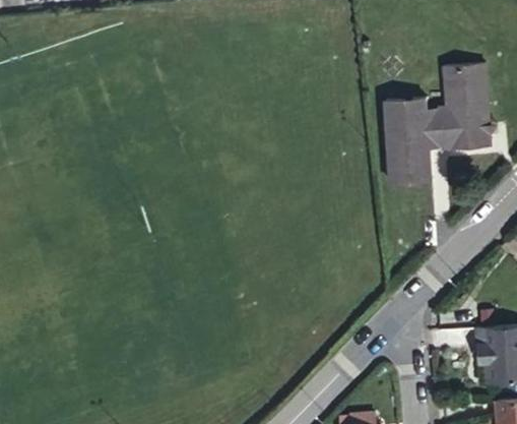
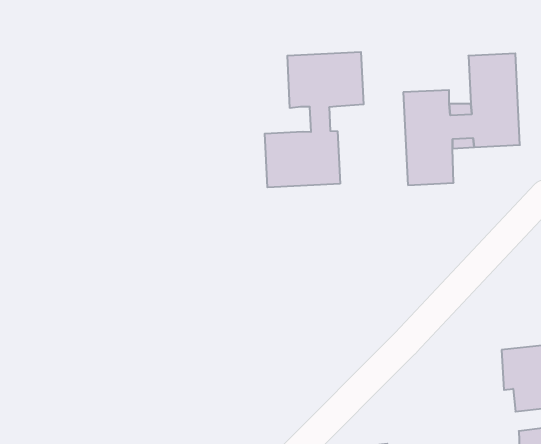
building: none -> [265,52,364,187]

